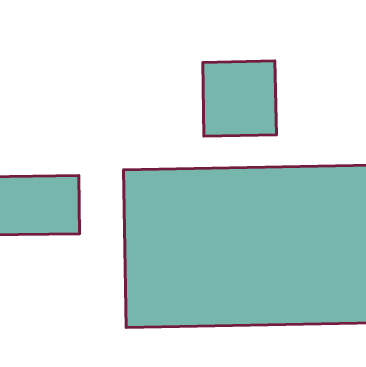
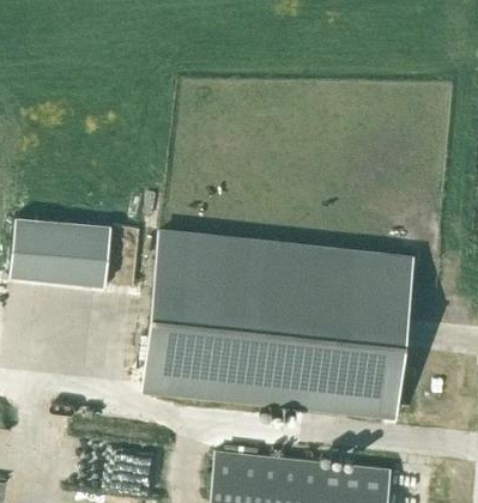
building: [203,61,277,136] -> none

